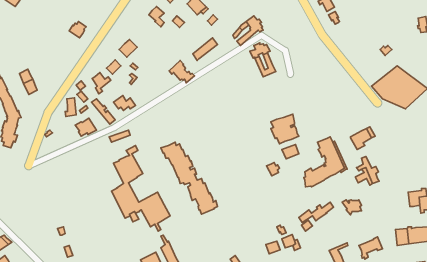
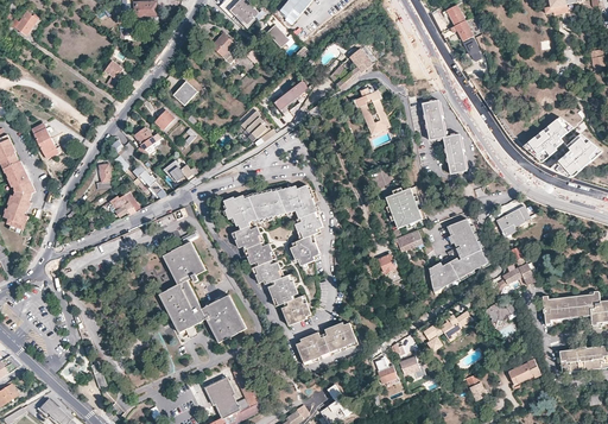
building: none -> [422,100,467,173]
building: none -> [223,184,321,270]
building: none -> [543,293,578,323]
building: none -> [293,322,355,365]

